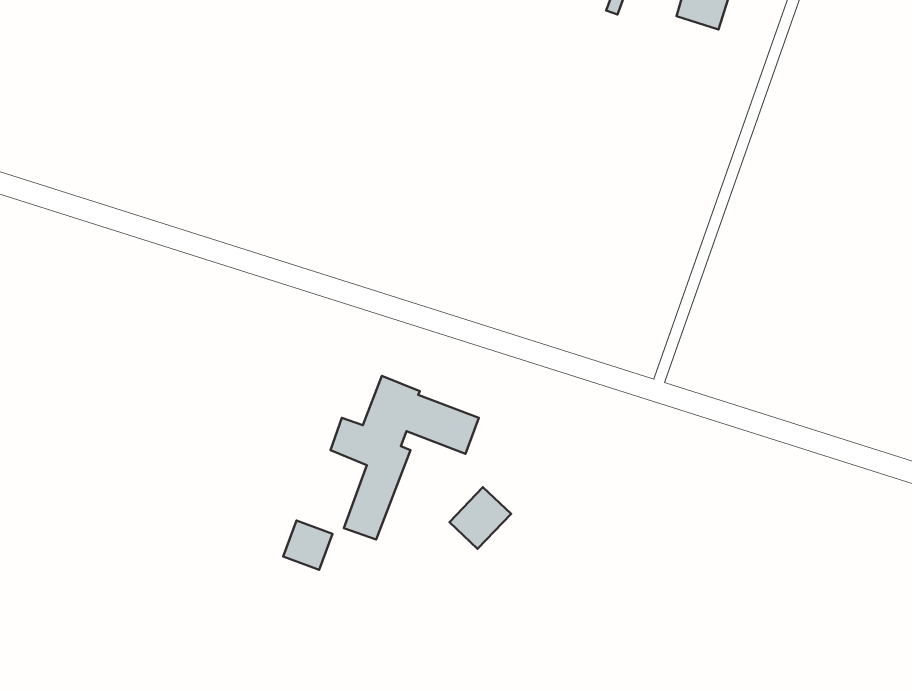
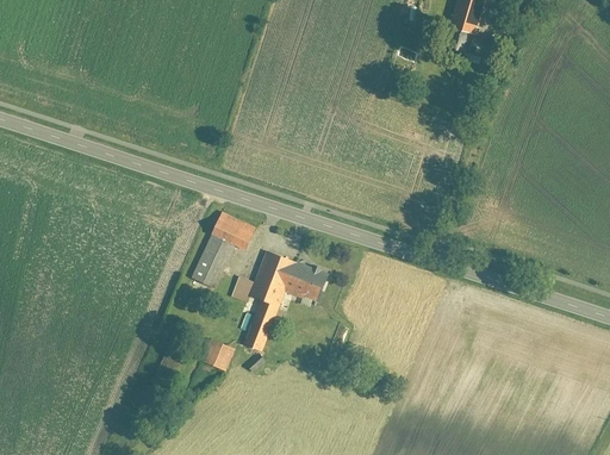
building: none -> [192,216,255,286]
building: [450,487,511,549] -> none

